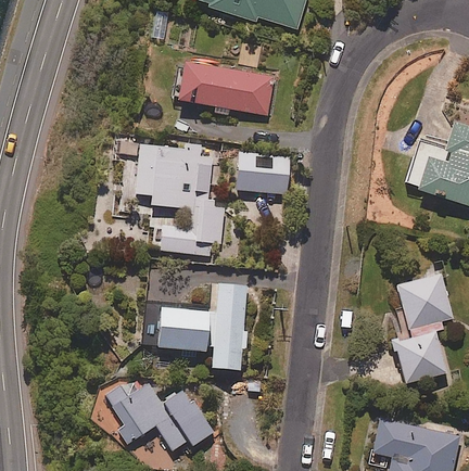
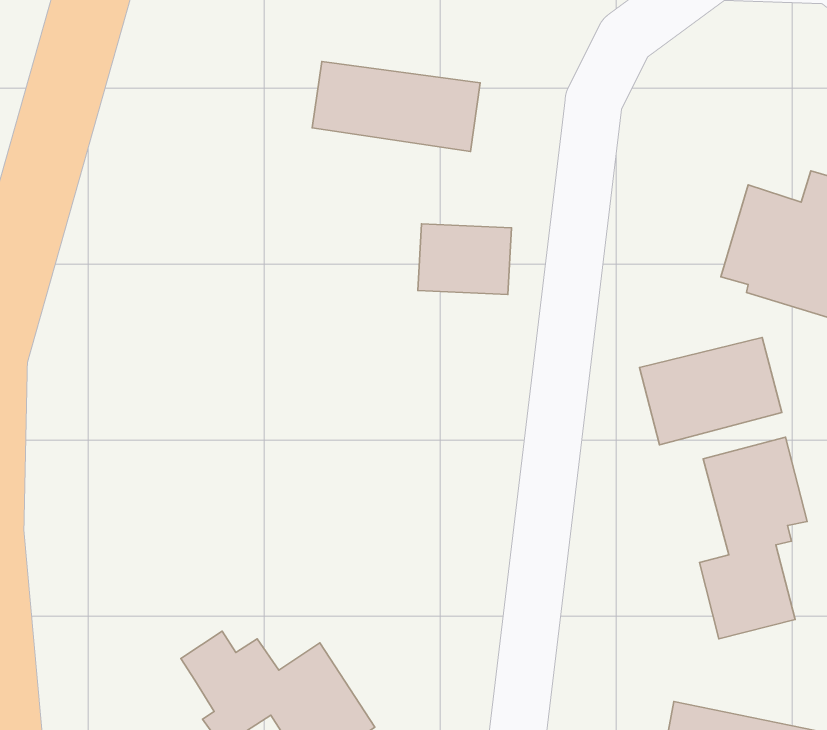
building: [137,141,224,255] -> none
building: none -> [640,338,782,445]
building: [160,283,248,370] -> none

